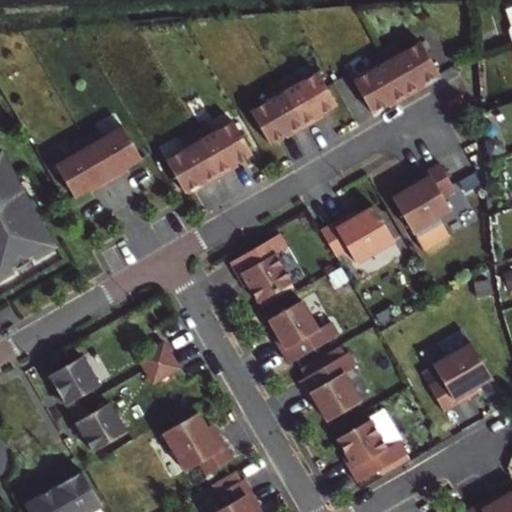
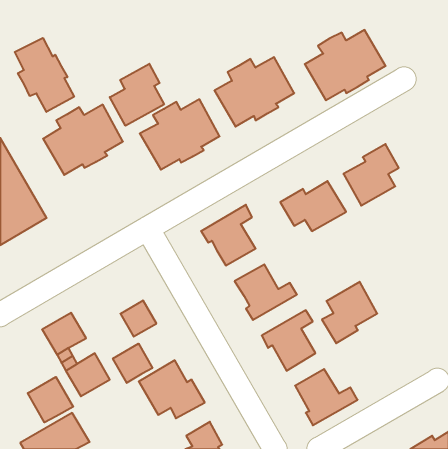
building: none -> [15,38,74,112]
building: none -> [110,64,164,126]
building: [429,344,492,414] -> [322,282,377,343]
building: none -> [113,344,152,383]
building: none -> [28,377,73,422]

